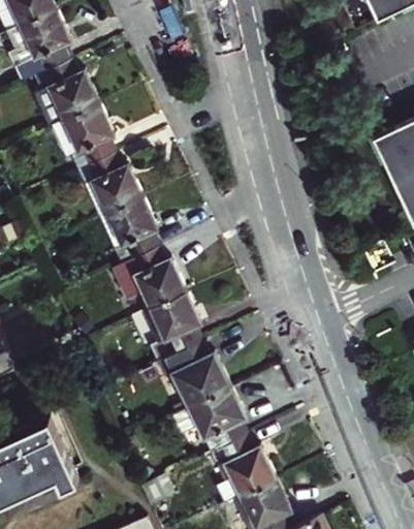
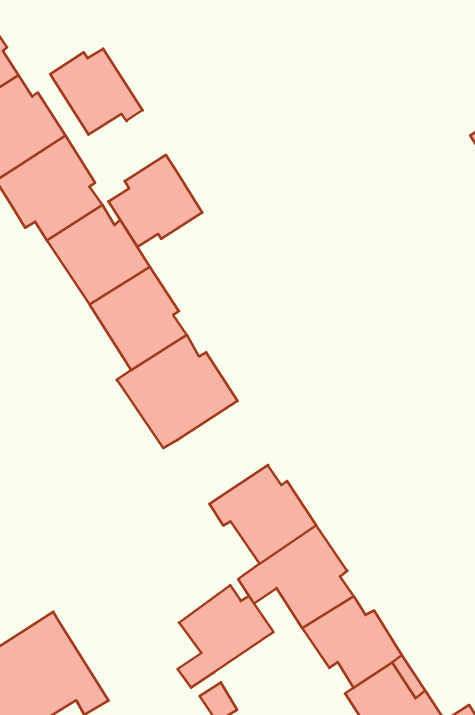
building: none -> [50,49,143,135]
building: none -> [108,155,202,247]
building: [151,298,209,364] -> none
building: none -> [178,585,273,688]

